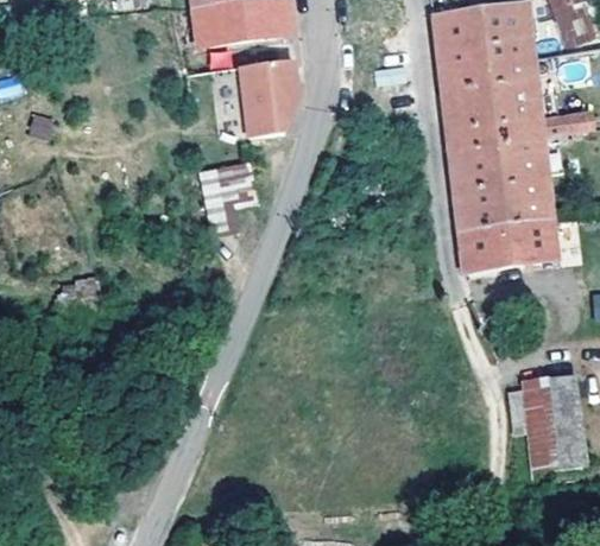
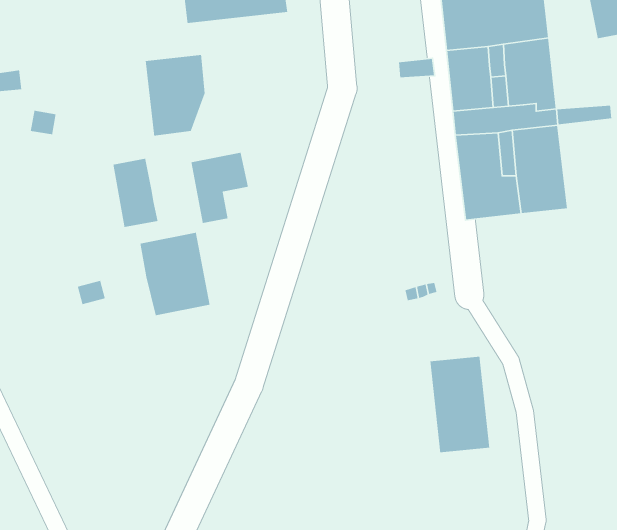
building: [240,57,297,134] -> [145,54,206,136]
building: none -> [112,158,158,228]
building: [456,215,557,266] -> none
building: none -> [140,232,210,316]
building: [523,376,580,468] -> [429,356,490,453]

